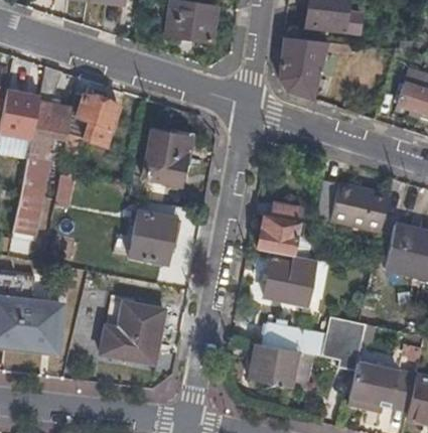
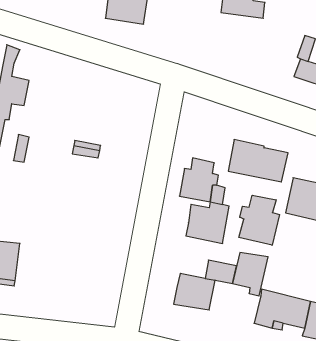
building: [279,37,345,99] -> none
building: [65,94,119,156] -> none
building: [143,130,188,183] -> none
building: [130,212,176,263] -> none
building: none -> [239,195,279,245]
building: [101,302,165,365] -> none

